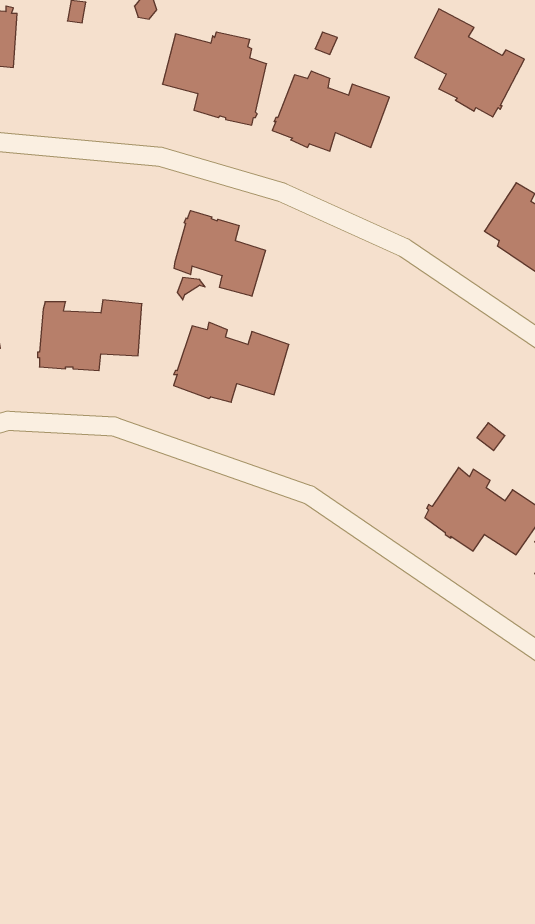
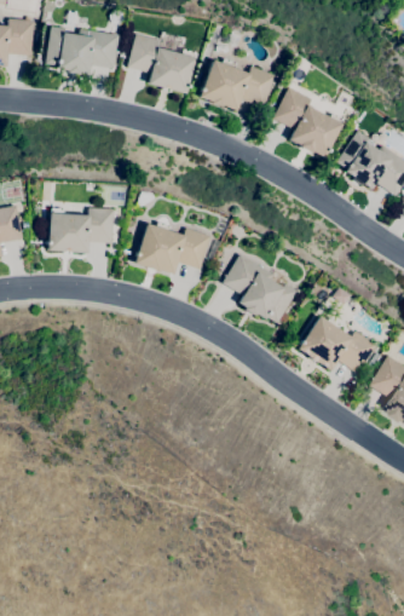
building: [415,9,524,117] -> [273,86,345,156]
building: none -> [39,25,120,73]
building: [174,211,265,296] -> none
building: none -> [223,253,298,322]

